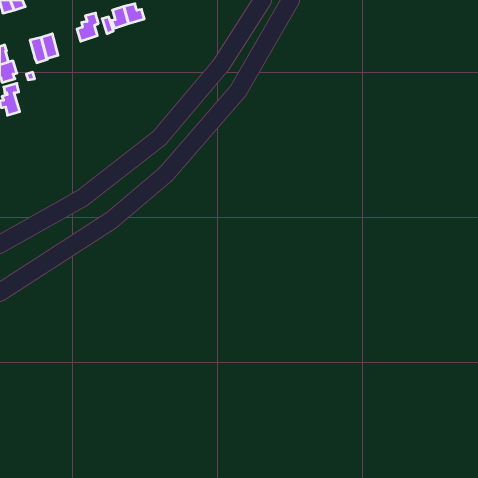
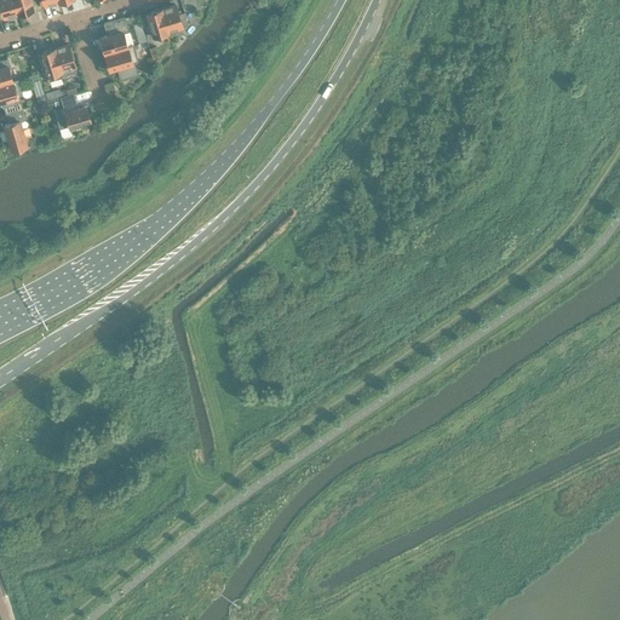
building: none -> [104,46,137,80]
building: none -> [53,94,90,128]

